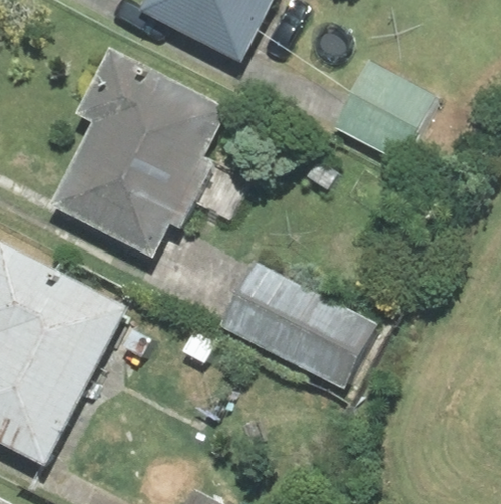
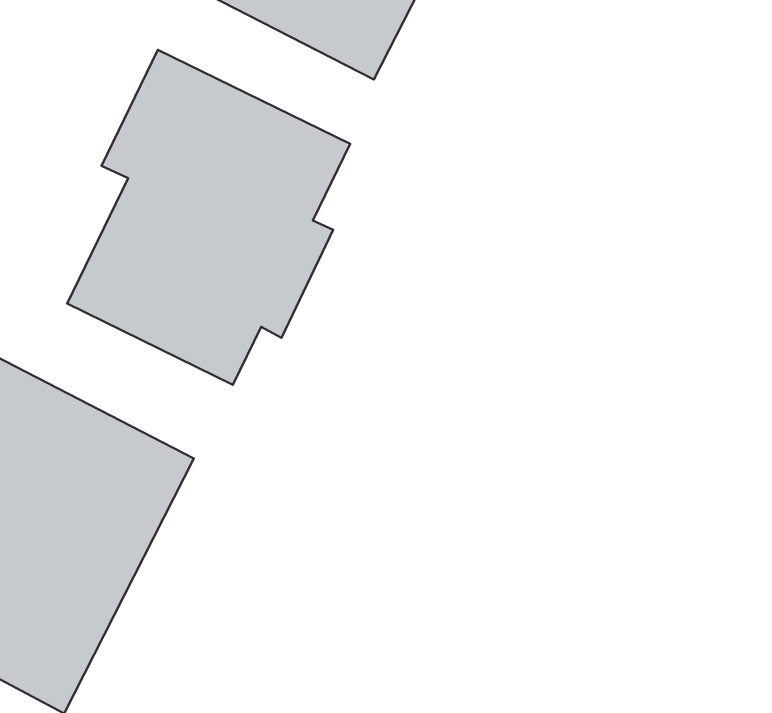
building: [329,53,437,161] -> none
building: [220,258,378,387] -> none

